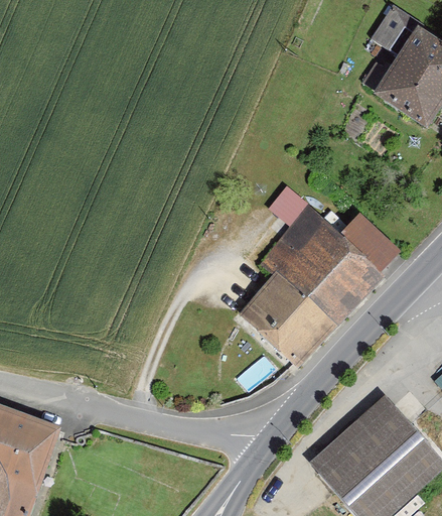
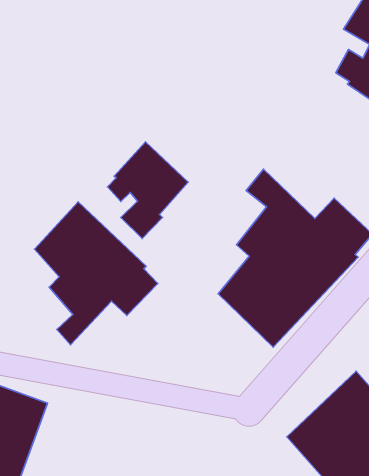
building: none -> [108,142,188,238]
building: none -> [34,202,158,345]

